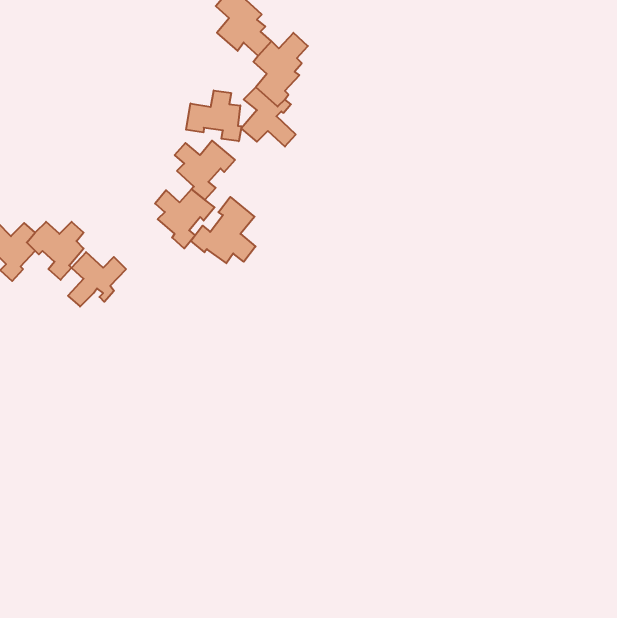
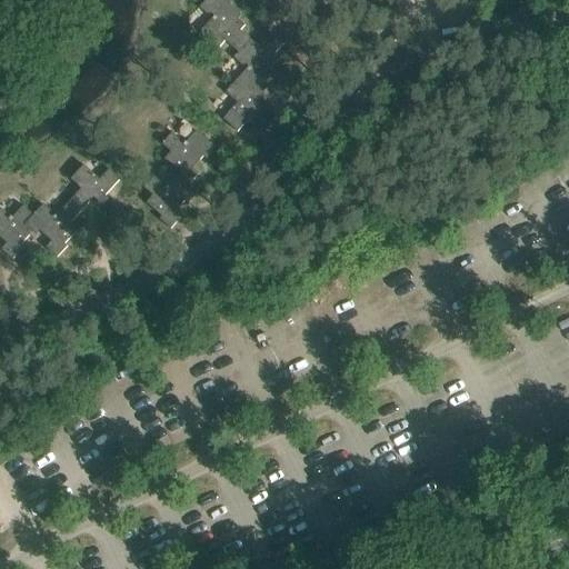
building: [186,90,242,141] -> none
building: [191,197,256,263] -> none
building: [68,252,126,307] -> [66,163,119,213]

